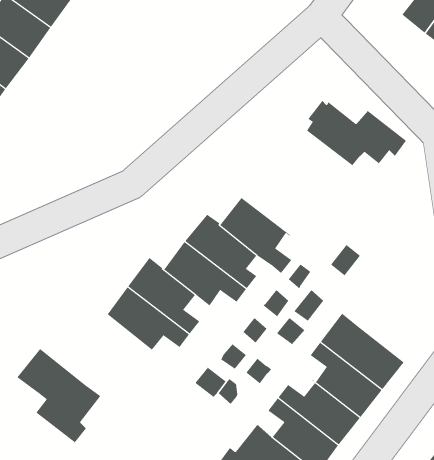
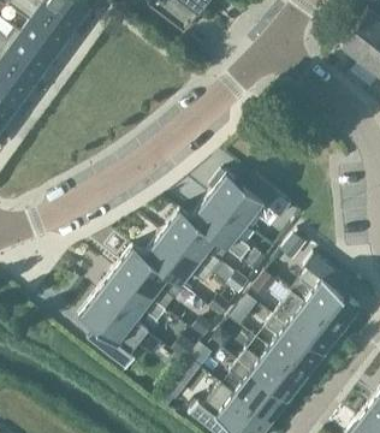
building: [306,100,407,169] -> [207,171,290,227]
building: none -> [299,254,360,332]
building: [17,348,101,443] -> [77,292,147,370]

